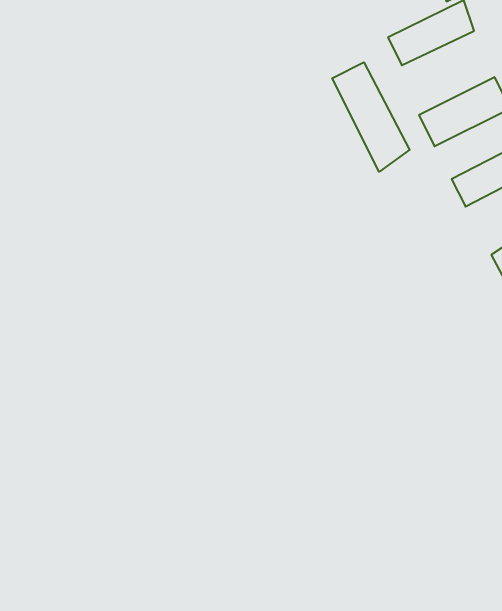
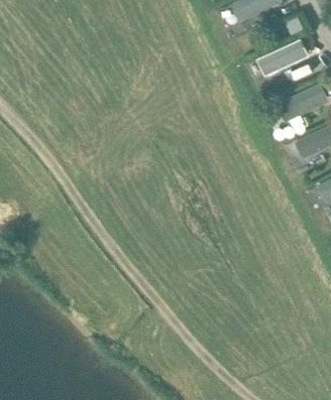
building: [332,62,410,172] -> none

